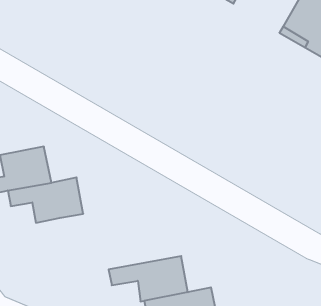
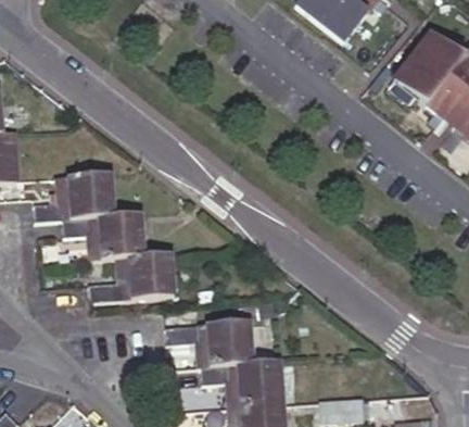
building: none -> [89,255,175,301]

